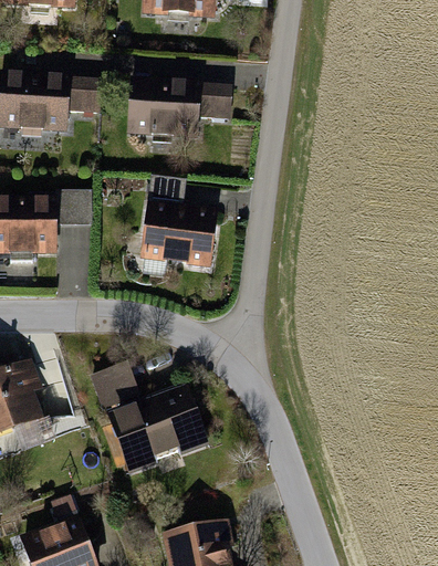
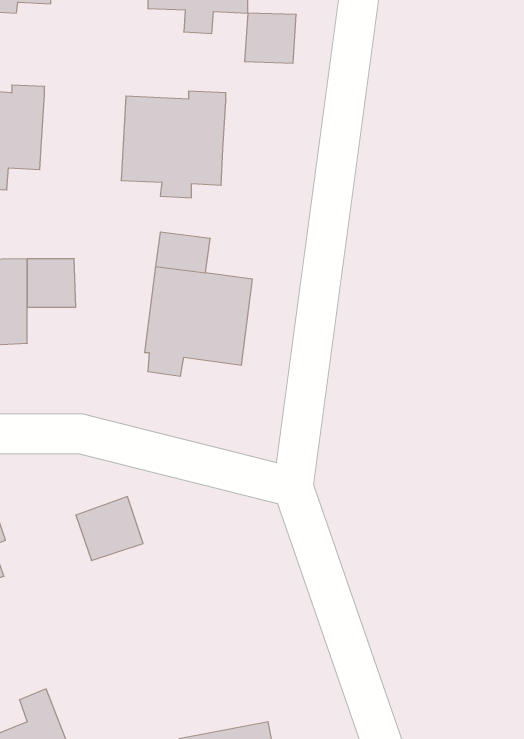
building: [67,76,103,112] -> none
building: [196,81,232,116] -> [245,13,296,63]
building: [107,384,211,479] -> none

